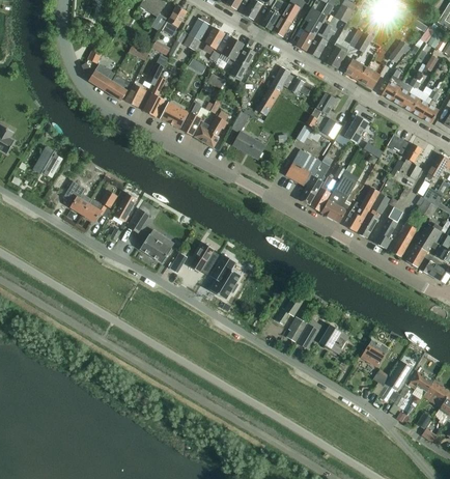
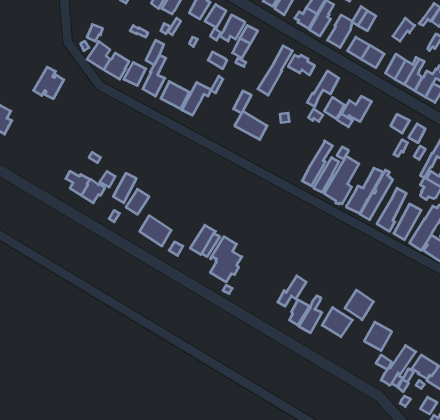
building: [194,110,229,146] -> none
building: [32,145,62,176] -> [33,67,64,99]
building: [286,149,321,186] -> none
building: none -> [345,290,374,320]

